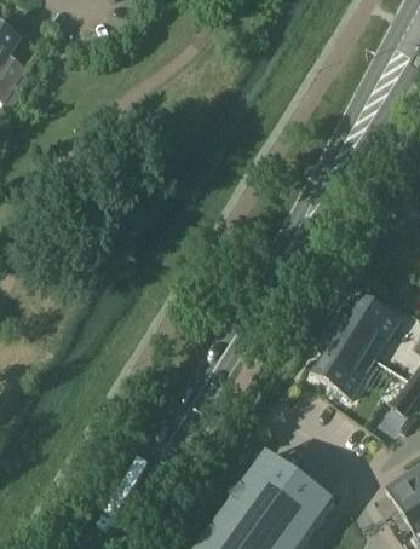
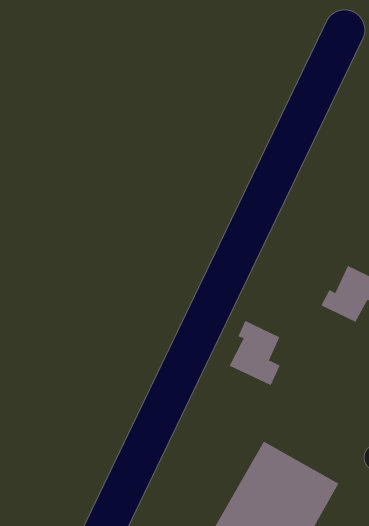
building: [315,330,366,394] -> [229,320,281,386]

